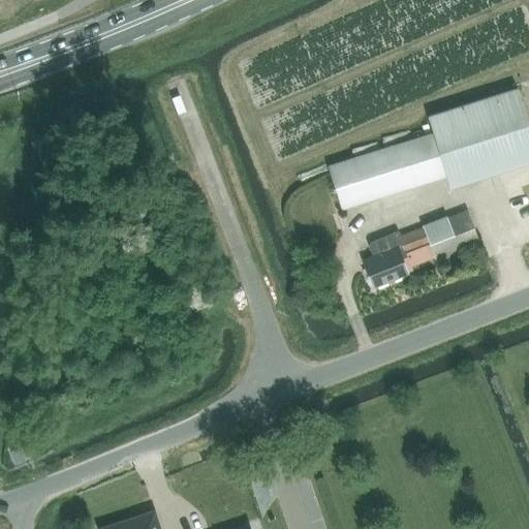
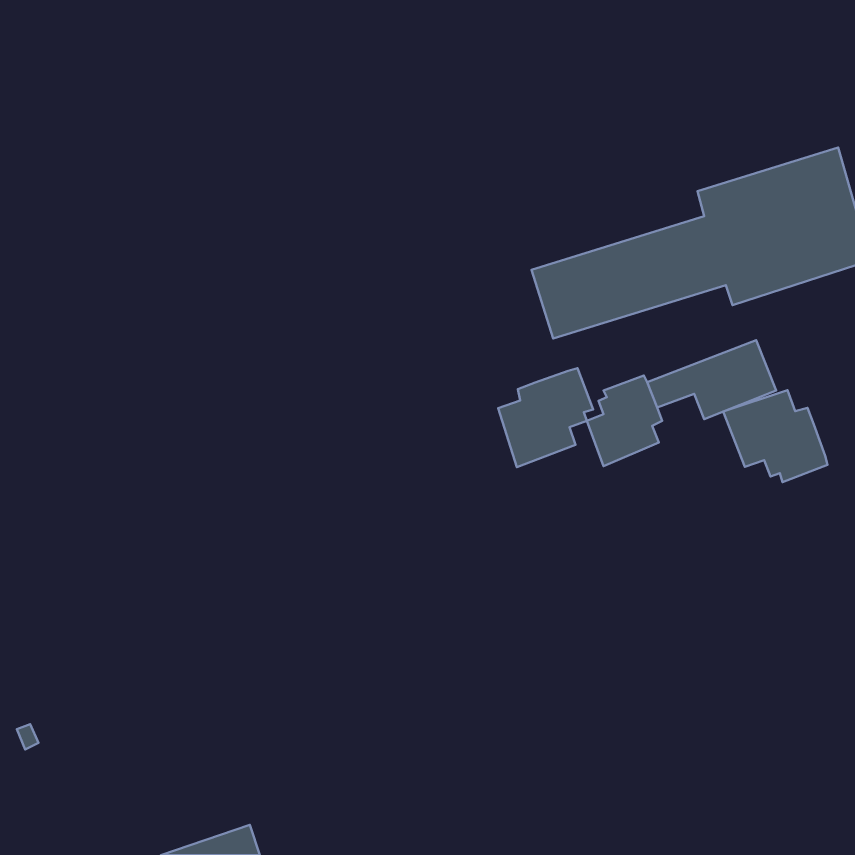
building: none -> [498,368,593,467]
building: none -> [723,390,828,482]

